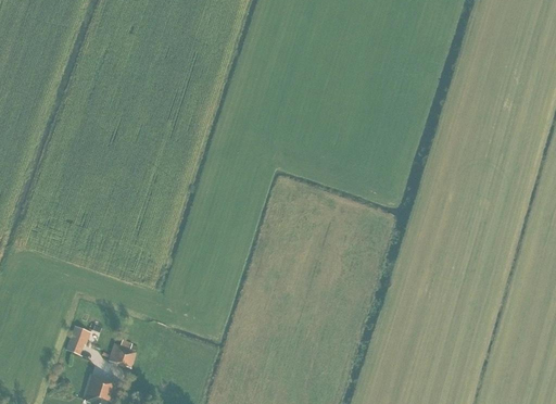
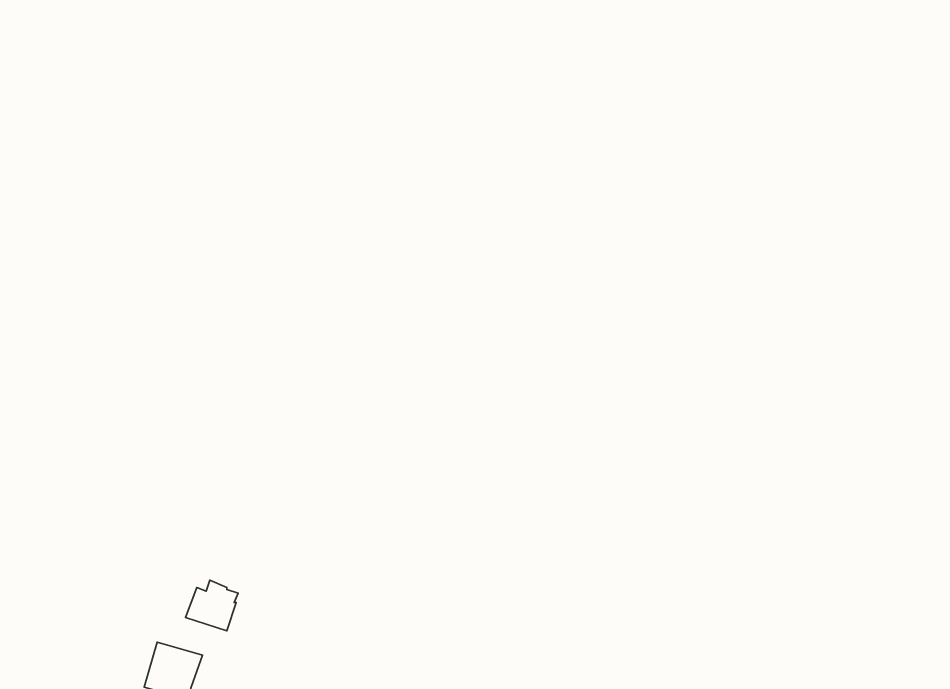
building: [66,324,90,354] -> none

